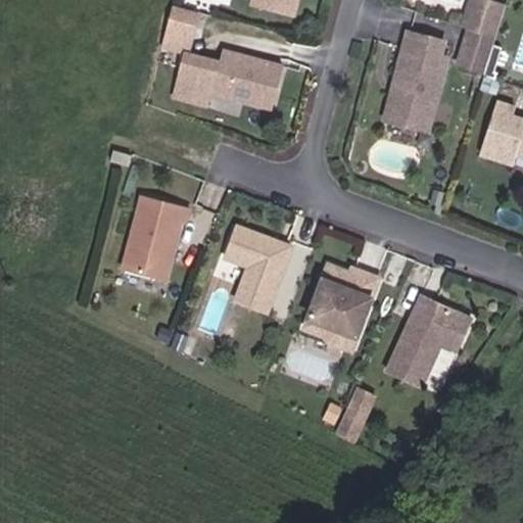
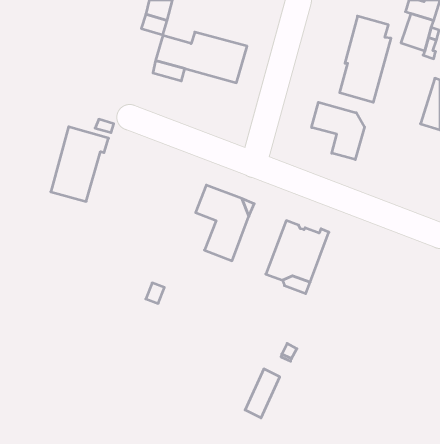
building: none -> [312,102,365,160]
building: [122,194,188,280] -> [51,127,109,201]
building: [387,296,474,387] -> none
building: [332,395,372,451] -> [245,369,280,418]

